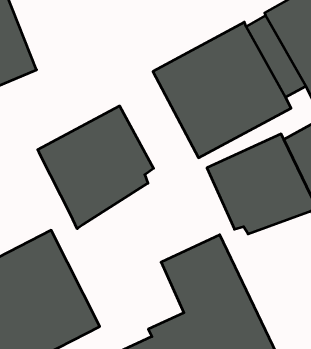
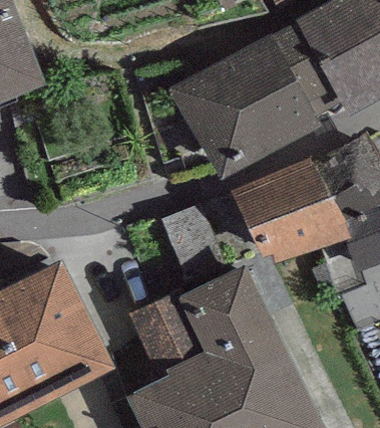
building: [38,106,154,229] -> none
building: none -> [126,290,205,382]

